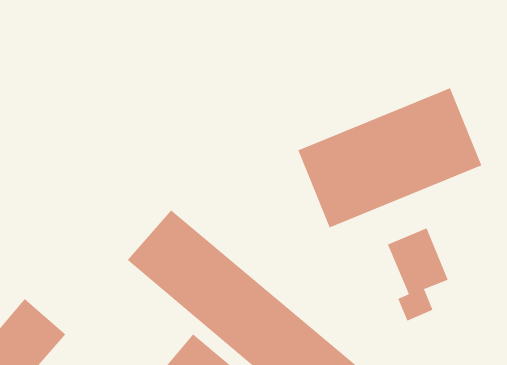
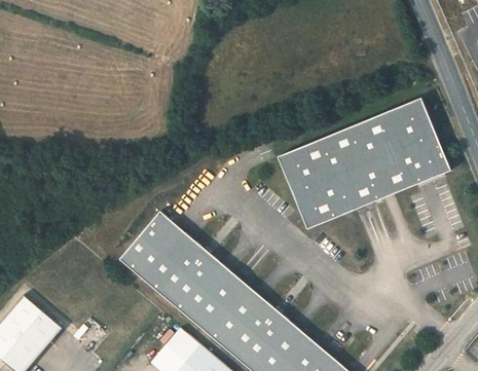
building: [387,227,449,321] -> none

